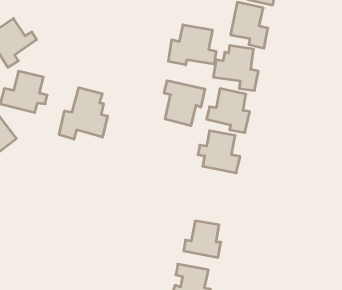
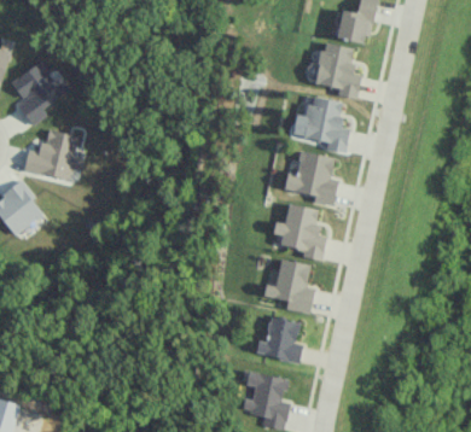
building: [168,25,216,65] -> none
building: [164,81,205,126] -> none
building: [59,88,108,139] -> none
building: none -> [263,259,314,315]

